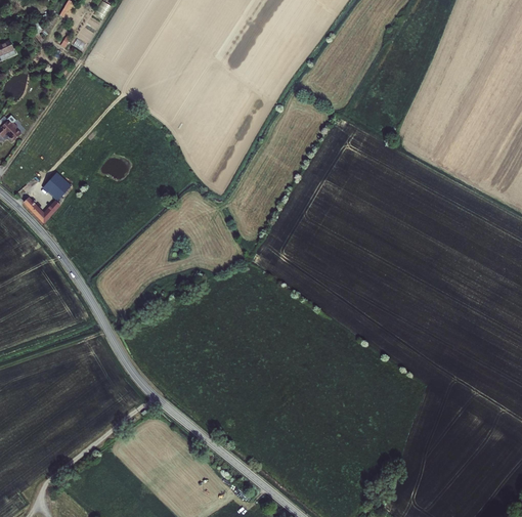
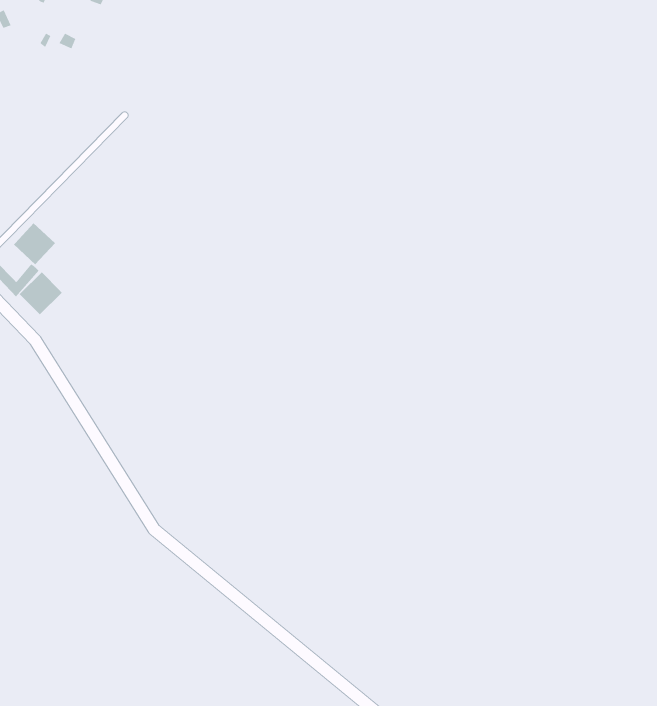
building: none -> [19,271,63,315]

